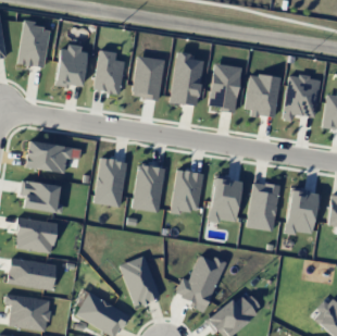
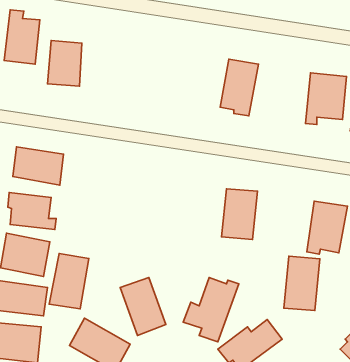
building: [96,50,125,94] -> none
building: [172,52,203,105] -> none
building: [133,55,165,100] -> none
building: [246,73,282,117] -> none
building: [93,158,128,207] -> [49,253,89,309]
building: [133,164,166,212] -> none
building: [171,169,204,214] -> none
building: [248,183,279,231] -> [284,256,320,311]

